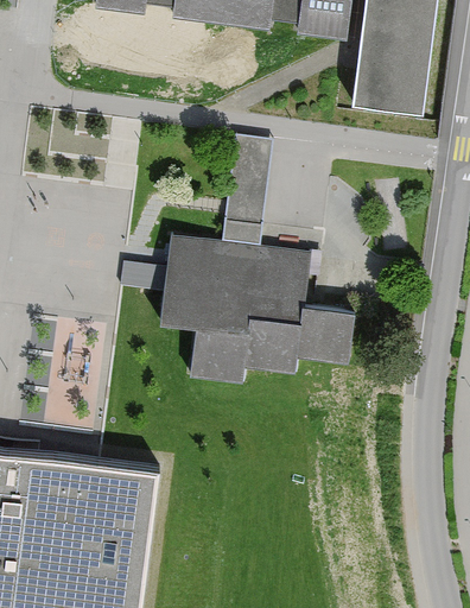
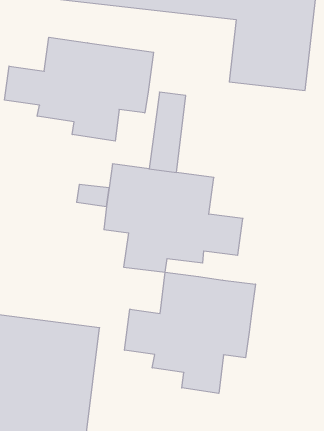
building: none -> [5,37,154,141]
building: none -> [125,272,255,393]

